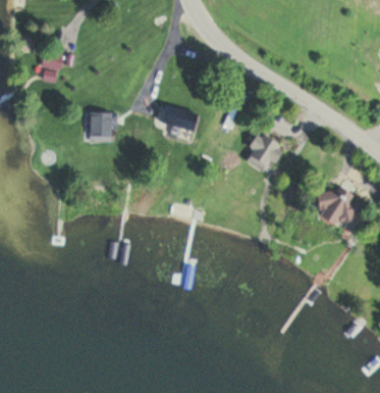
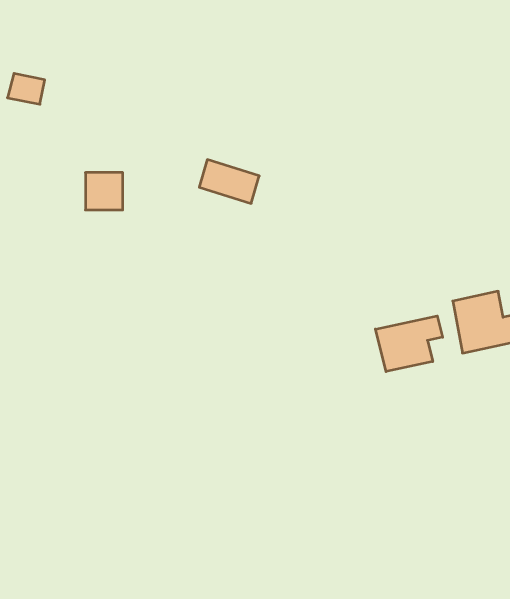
building: [251,140,278,169] -> none
building: none -> [375,316,443,372]

